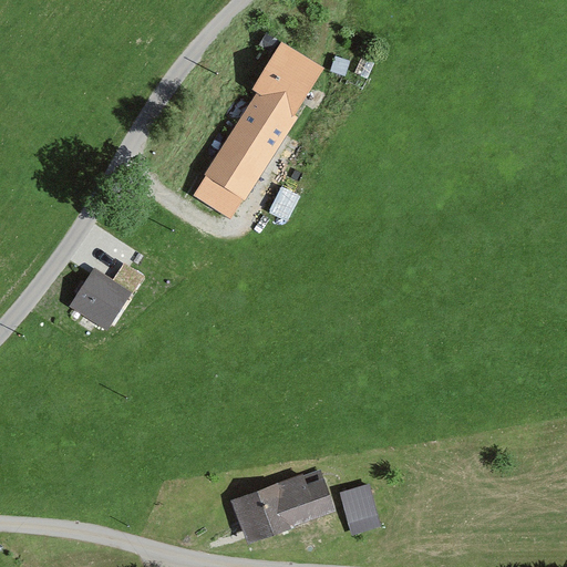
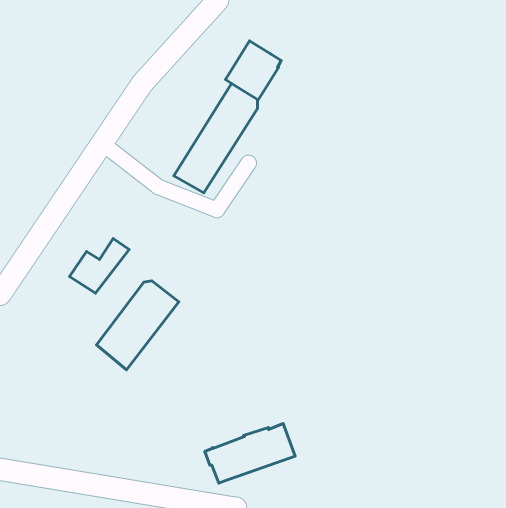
building: none -> [96,281,179,370]
building: [340,485,377,532] -> none

